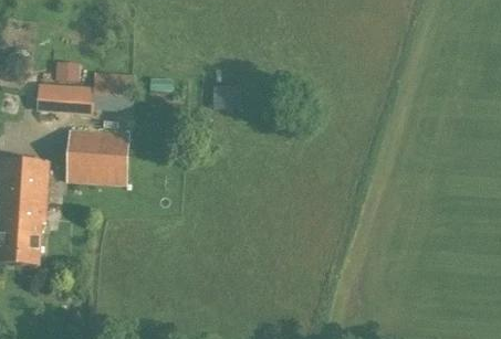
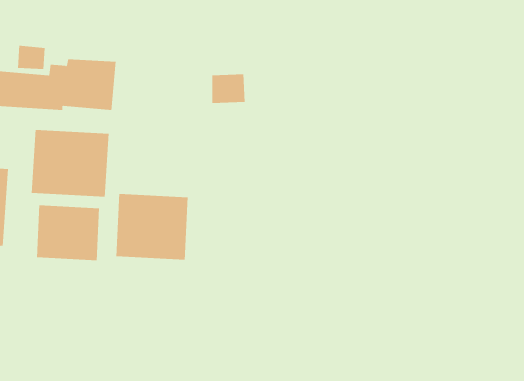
building: none -> [116,193,188,261]
building: none -> [36,204,100,261]

